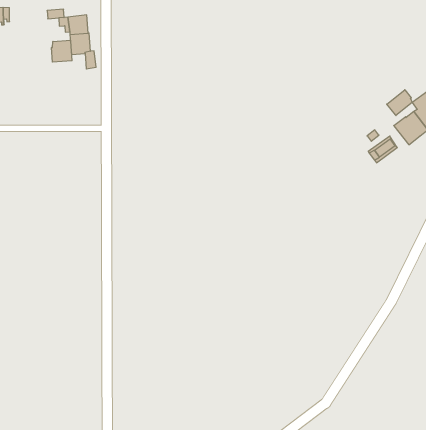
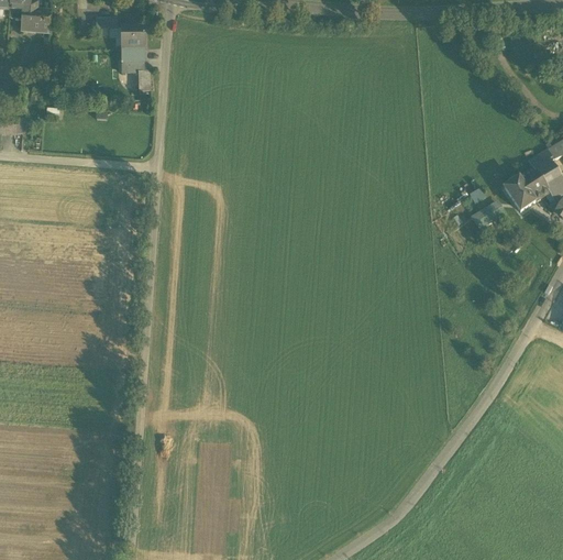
building: [52,40,72,62] -> none
building: [387,90,412,116] -> none

